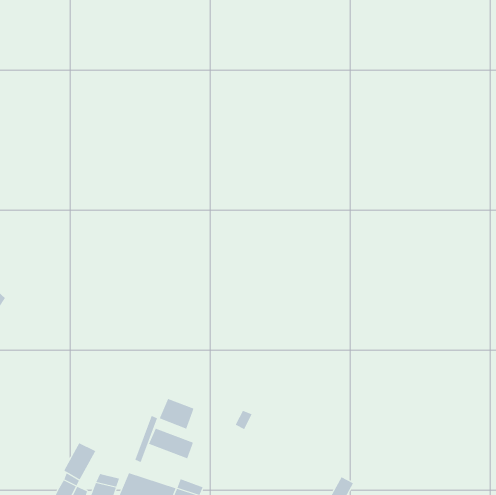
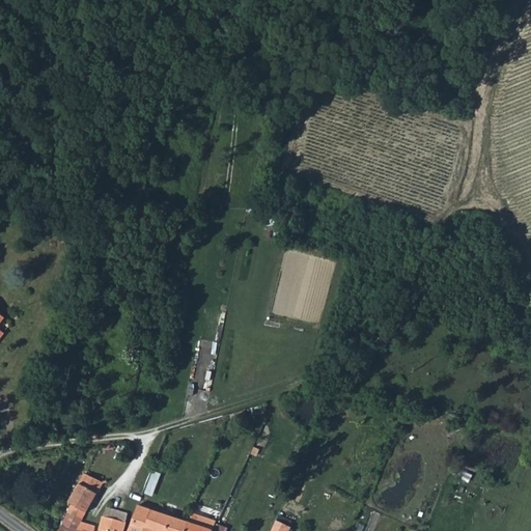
building: [159,398,194,429] -> none
building: [148,428,193,459] -> none

